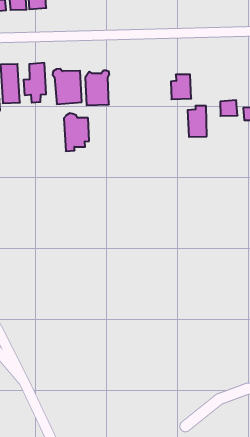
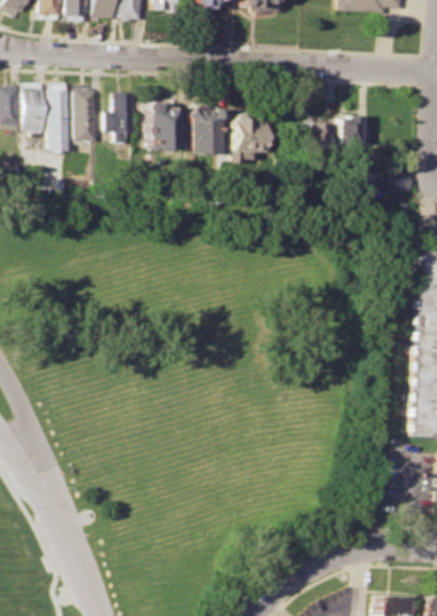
building: [188,106,207,137] -> [342,113,368,155]
building: [64,113,89,151] -> [231,112,265,162]

